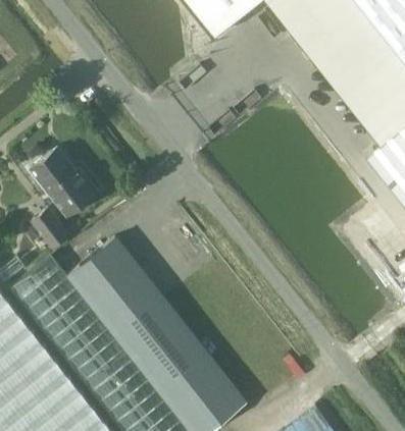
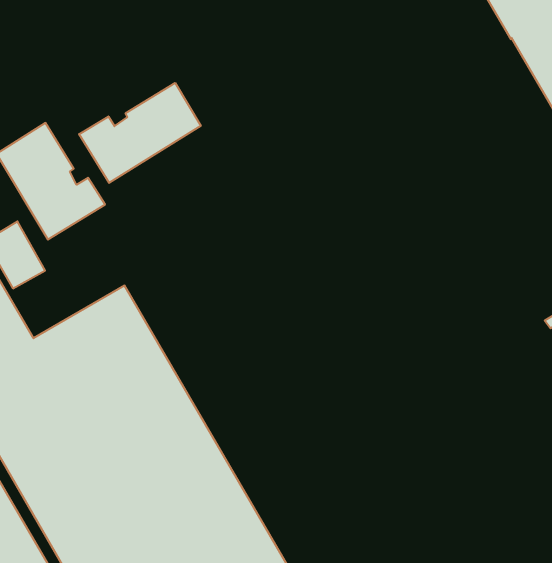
building: none -> [79,83,201,183]

